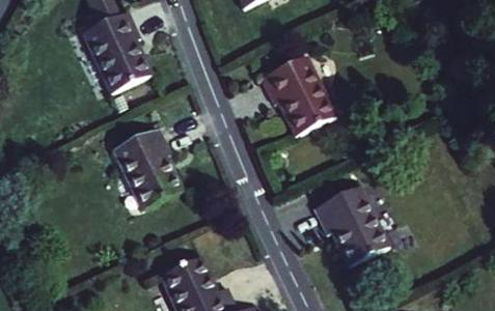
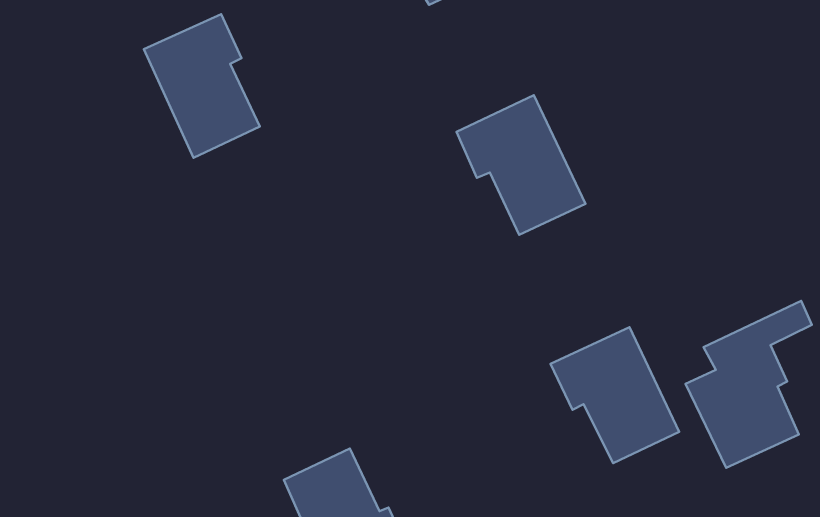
building: [116,126,180,206] -> none
building: none -> [685,301,812,468]

